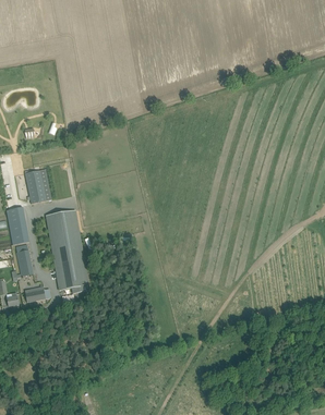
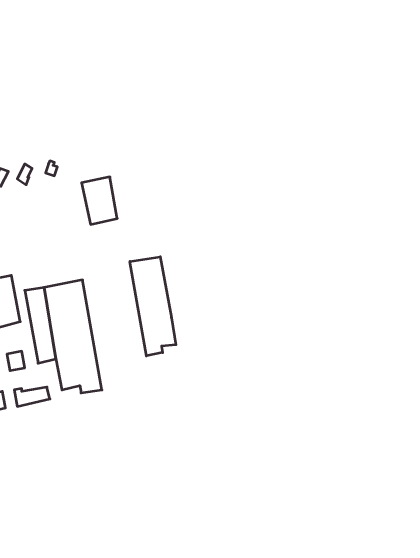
building: [25,168,51,203] -> [82,177,117,224]
building: none -> [130,257,176,356]

